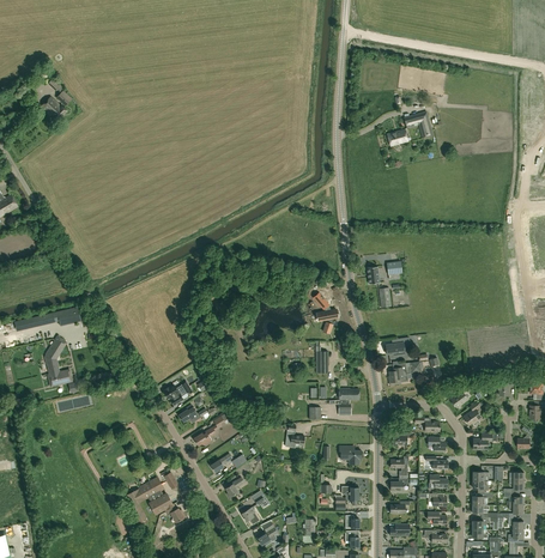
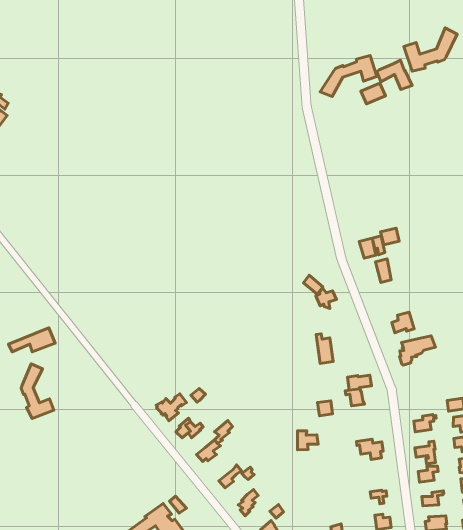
building: none -> [404,28,457,71]
building: none -> [320,55,377,97]

